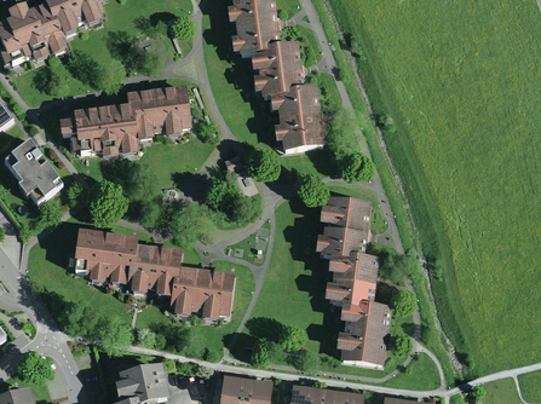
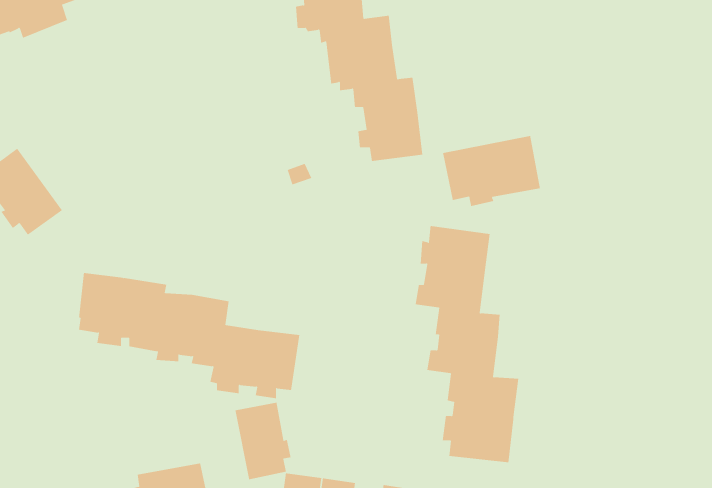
building: [58,85,191,157] -> none
building: none -> [442,135,541,207]
building: none -> [235,402,291,480]

